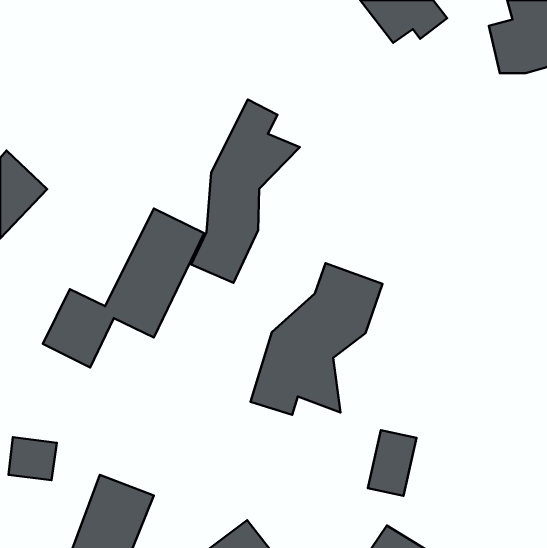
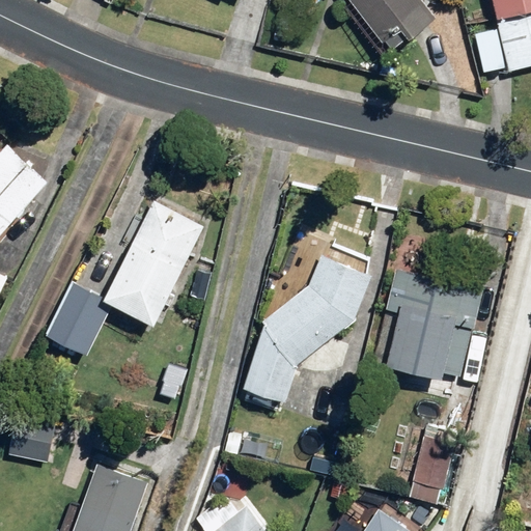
building: [191,100,300,283] -> none
building: none -> [384,268,478,380]
building: [368,430,416,496] -> [408,437,454,500]

